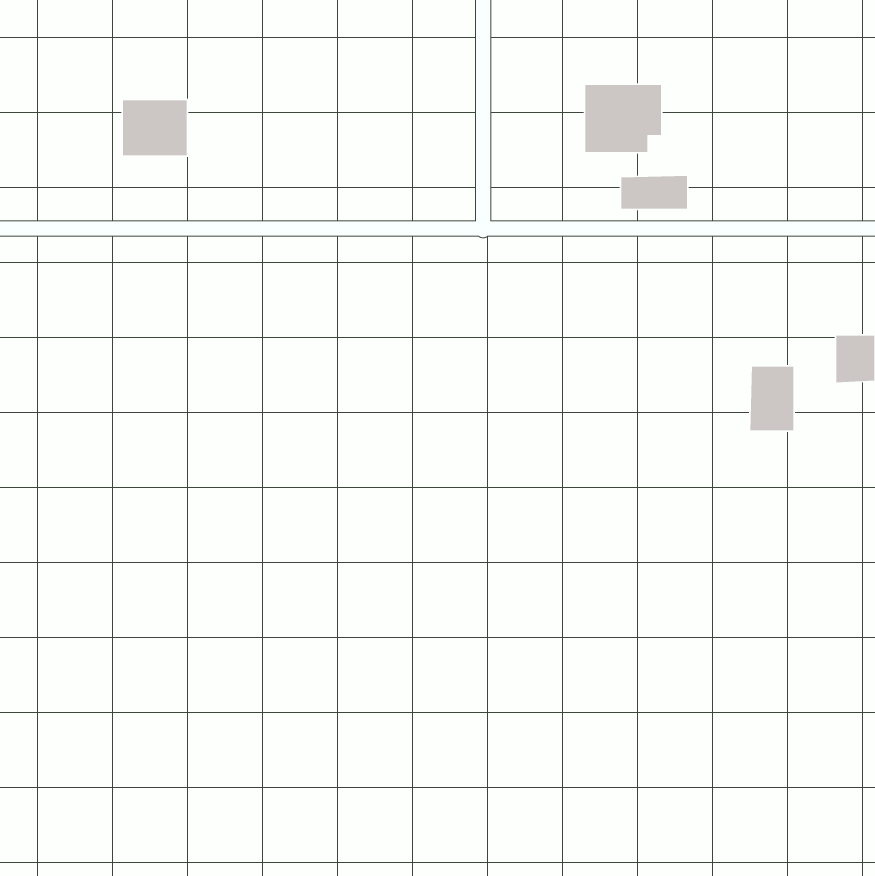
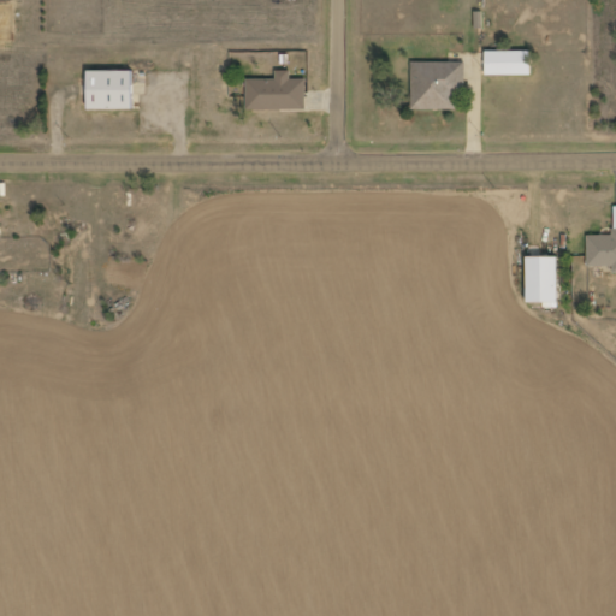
building: none -> [244,84,303,107]
building: [621,175,688,210] -> [482,48,529,72]

